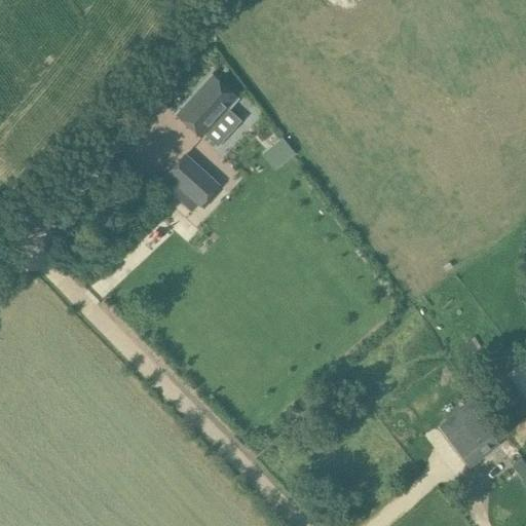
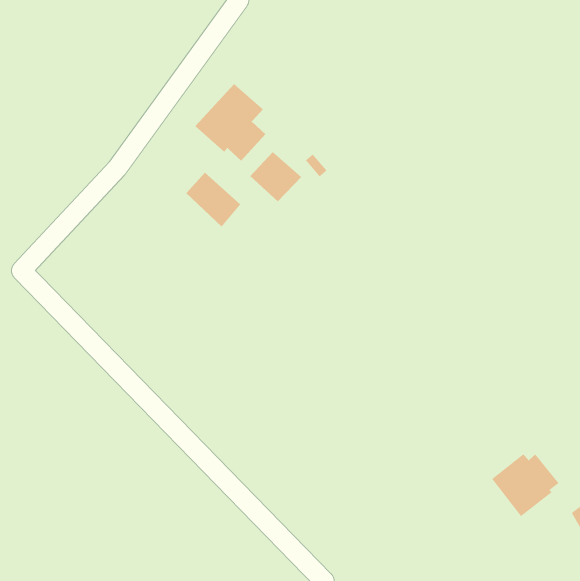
building: none -> [250,151,302,202]

